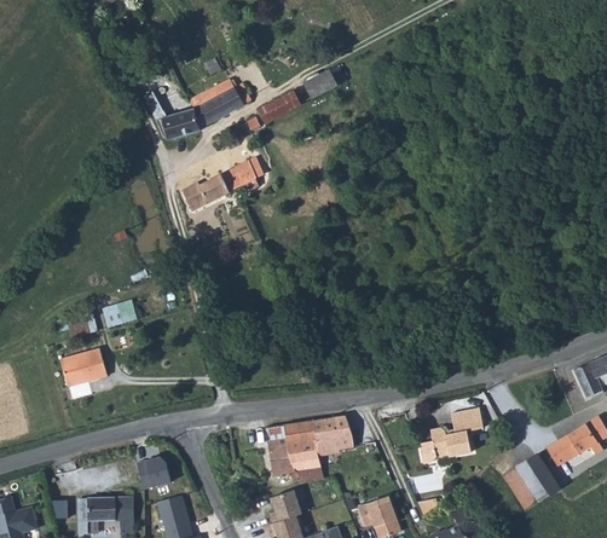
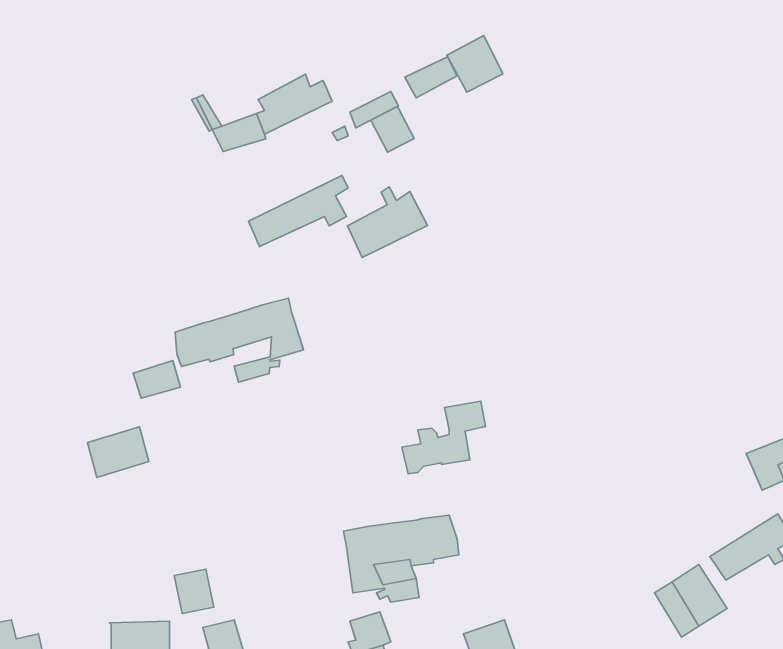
building: none -> [447,35,503,92]
building: none -> [371,106,414,152]
building: none -> [348,187,427,257]
building: none -> [175,298,304,382]
building: [417,407,481,463] -> [402,401,486,474]

